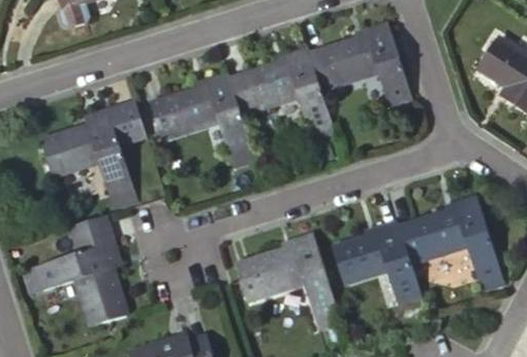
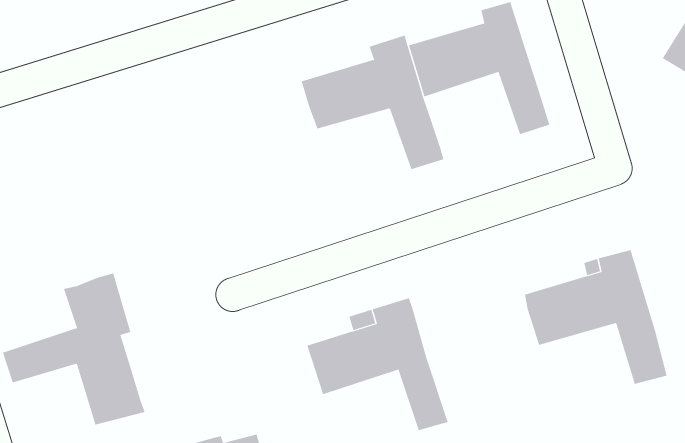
building: [147,69,260,166] -> none
building: [32,104,141,208] -> none
building: [326,220,419,316] -> none

